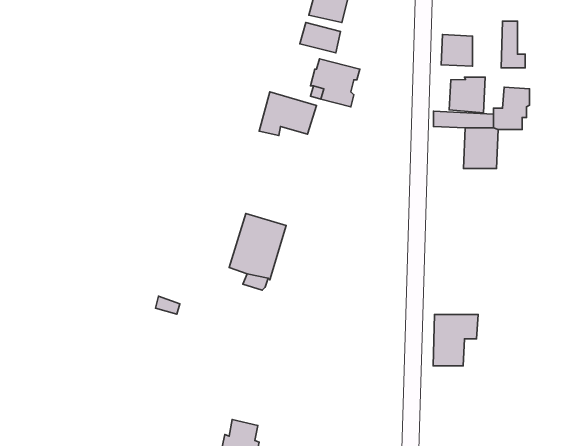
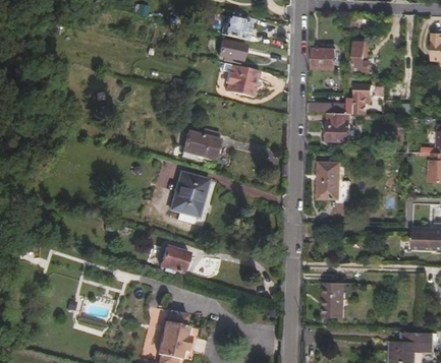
building: [449,77,485,113] -> none
building: [259,92,316,136] -> [180,128,219,158]
building: none -> [320,163,343,197]
building: [433,315,478,366] -> [321,283,351,317]
building: none -> [159,245,186,273]

